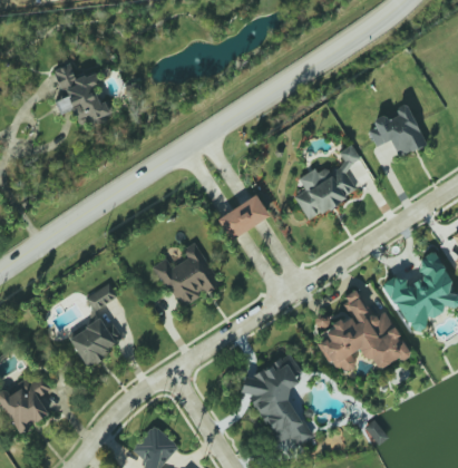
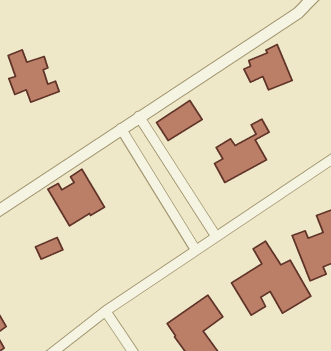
building: [369,103,426,156] -> [244,44,292,90]
building: [217,194,271,241] -> [157,101,202,140]
building: [155,242,222,309] -> [48,169,105,226]
building: [69,319,125,365] -> none

